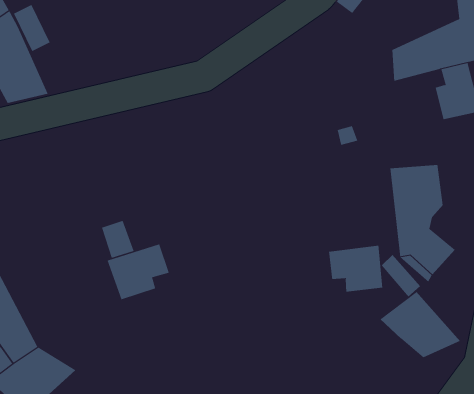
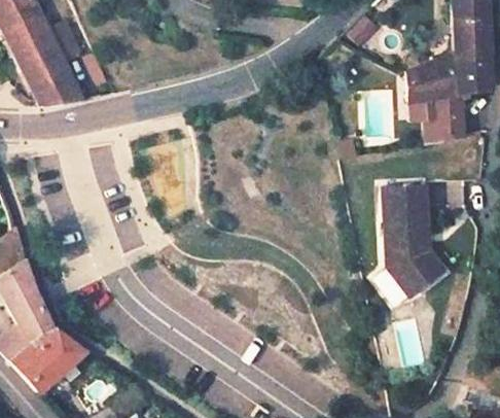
building: [107,243,170,300] -> none
building: [329,245,383,293] -> none
building: [379,291,461,358] -> none

